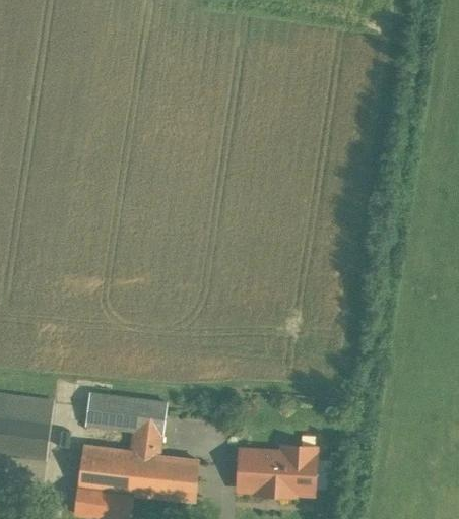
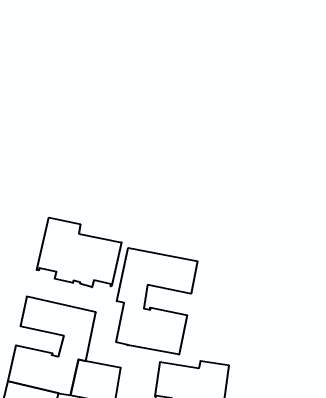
building: none -> [37,218,122,287]
building: none -> [116,248,198,355]

